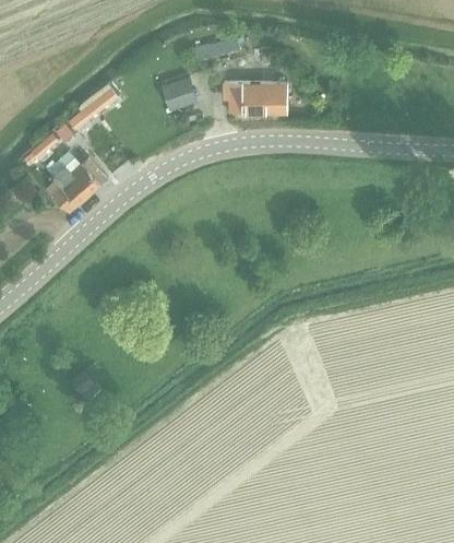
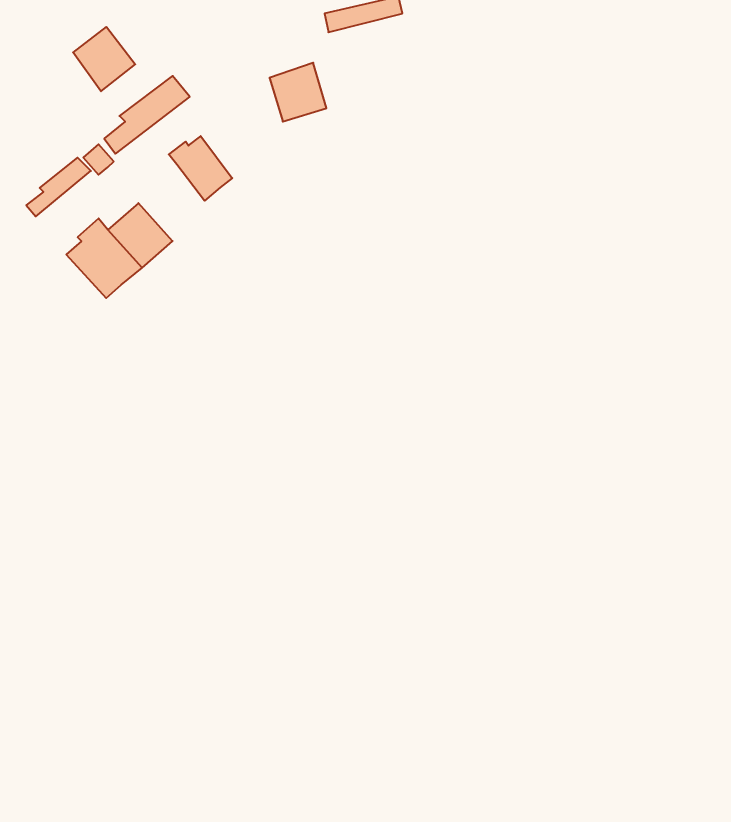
building: none -> [73,27,135,91]
building: [223,83,287,114] -> none
building: none -> [169,136,232,201]

